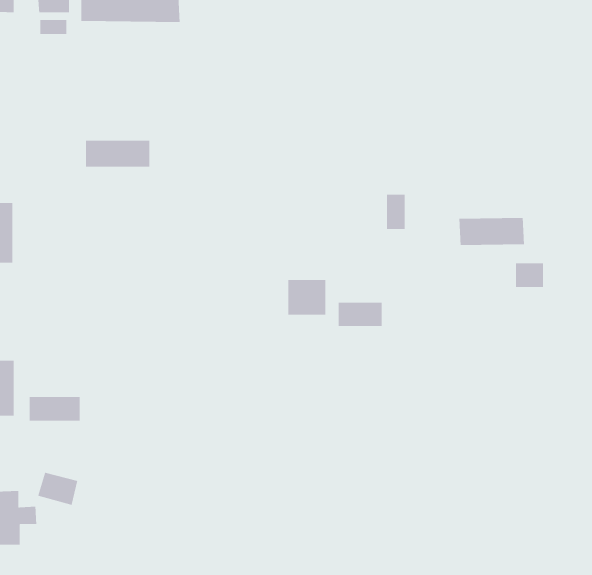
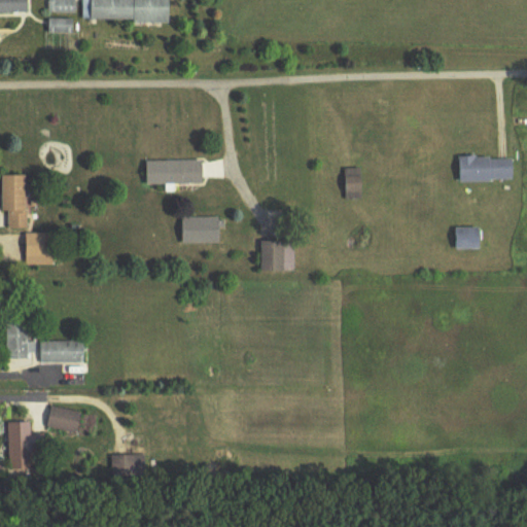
building: [85,140,150,167] -> [146,160,202,183]
building: [459,217,525,246] -> [457,155,514,180]
building: none -> [181,216,219,243]
building: none -> [26,234,52,255]
building: [338,302,383,327] -> none
building: none -> [111,455,144,477]

